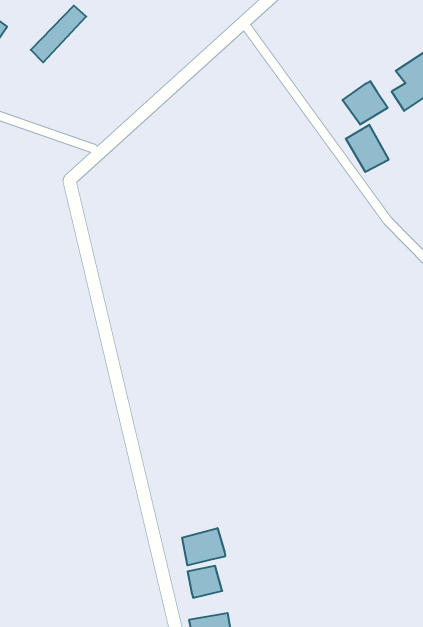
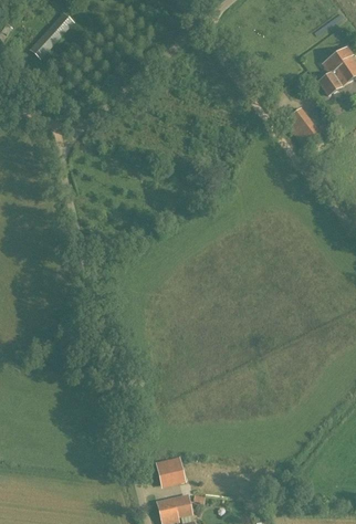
building: [342,81,388,125] -> none
building: [182,528,225,565] -> none

